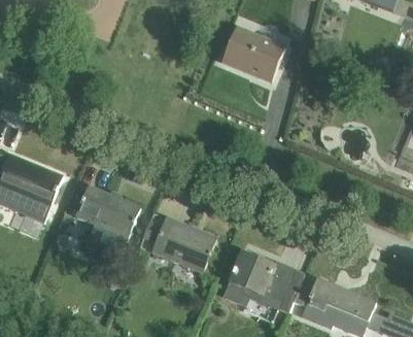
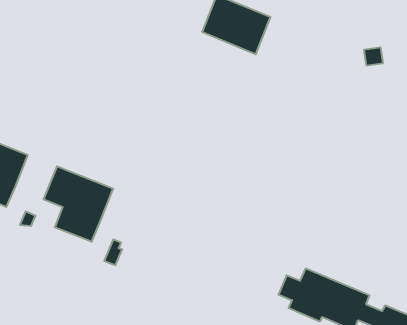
building: [139,210,215,271] -> none
building: [223,250,304,312] -> none

